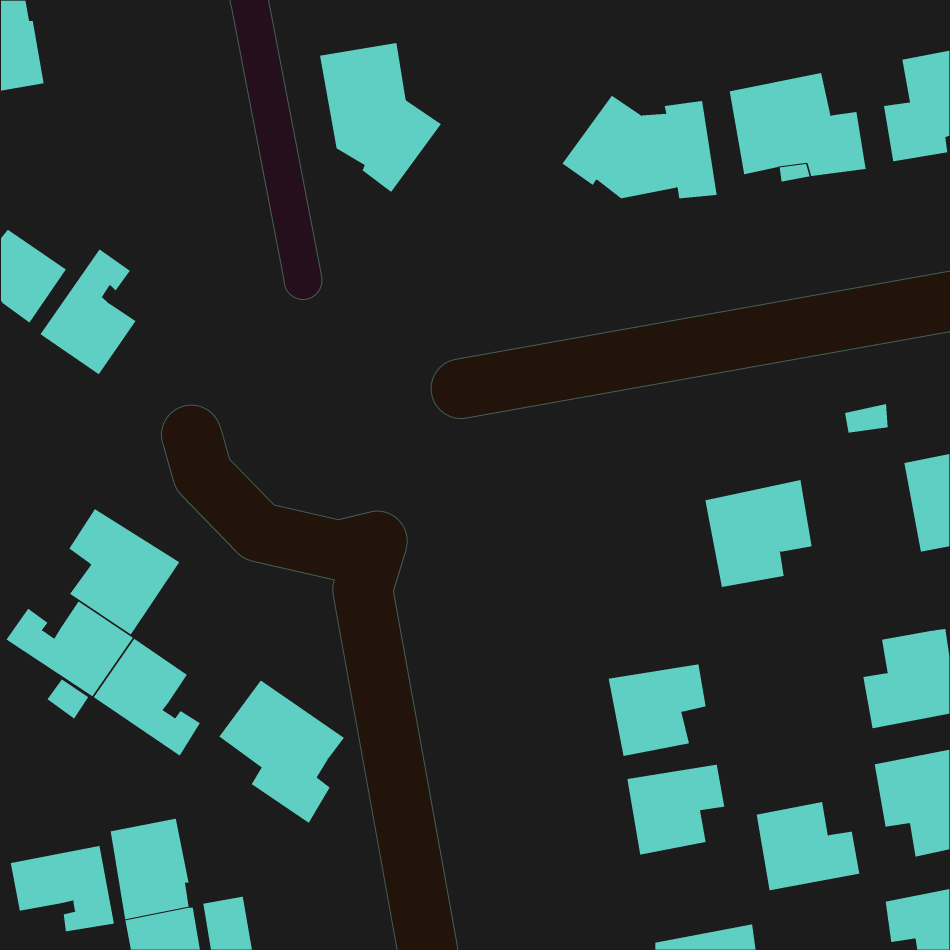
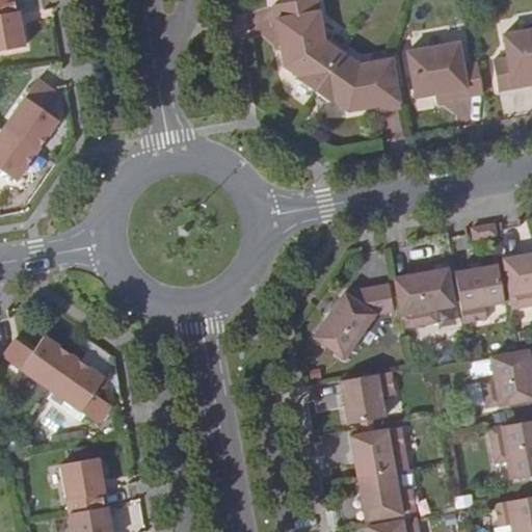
building: [319,42,442,193] -> [273,7,342,91]
building: [40,249,136,375] -> [4,80,58,151]
building: none -> [456,265,506,323]
building: [69,508,180,636] -> none
building: none -> [313,285,394,360]
building: [218,680,345,824] -> none
building: [756,801,860,891] -> [357,471,416,521]
building: [10,845,115,932] -> none

